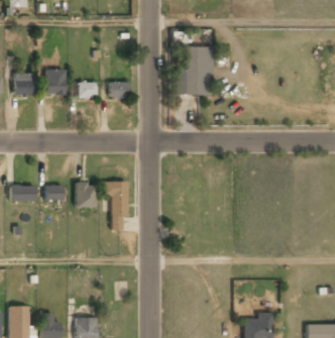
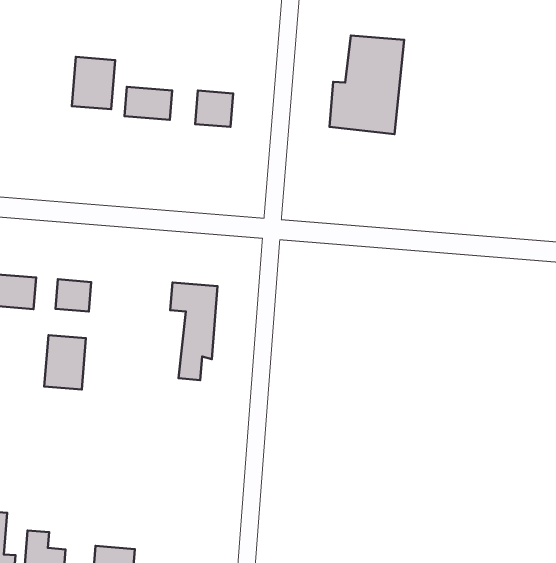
building: [13,73,32,96] -> none
building: [76,181,95,207] -> [44,335,86,390]

